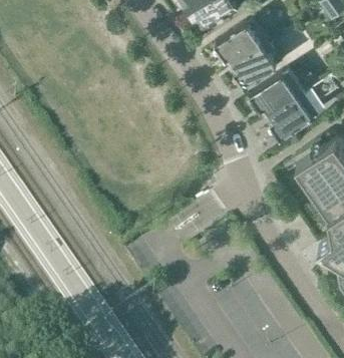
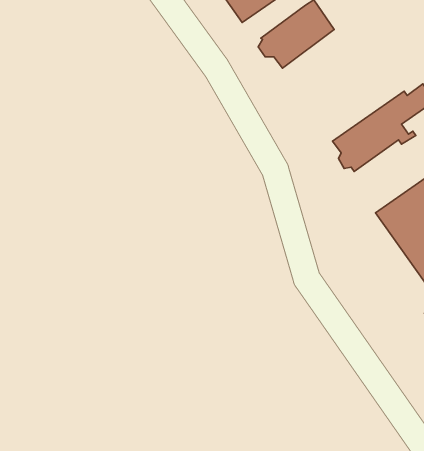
building: [230,38,281,88] -> none
building: [250,69,315,117] -> none

